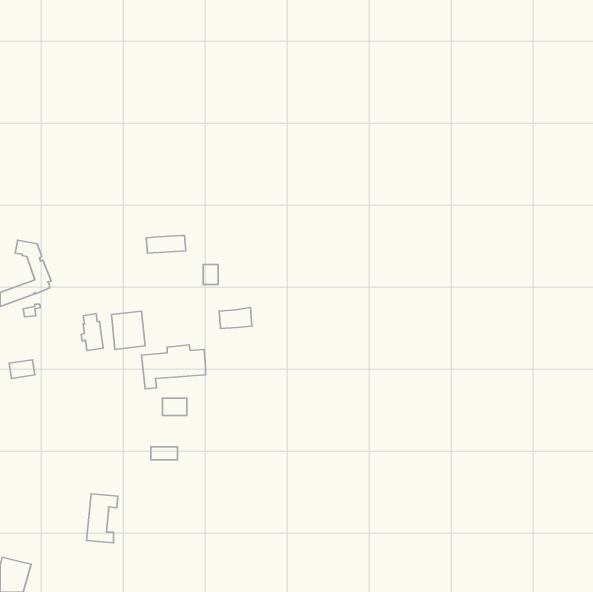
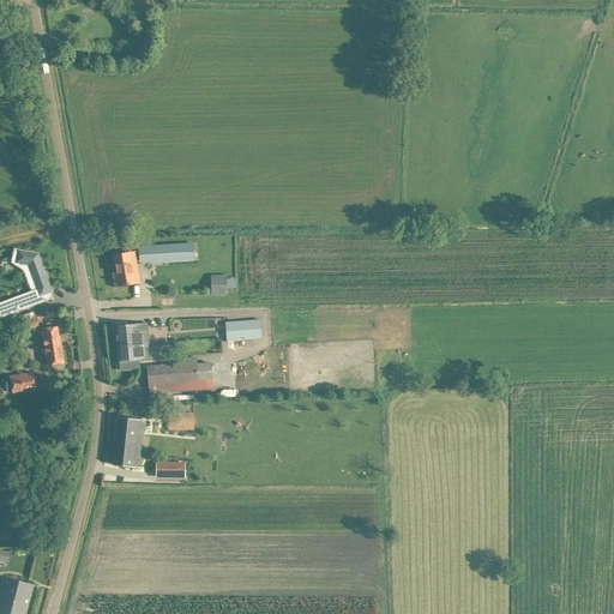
building: none -> [113,249,140,287]
building: [81,313,103,351] -> [41,326,64,365]
building: [87,494,118,543] -> [113,416,145,466]

